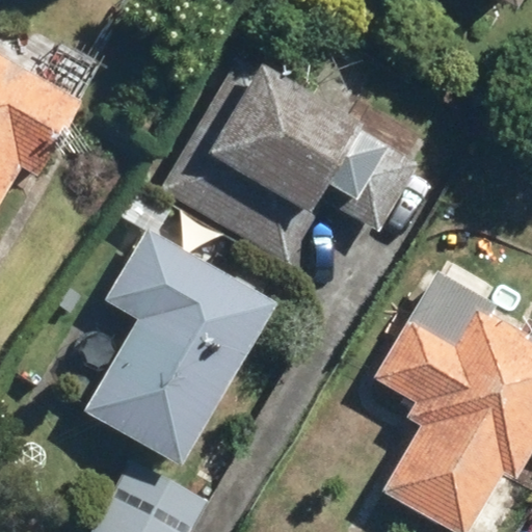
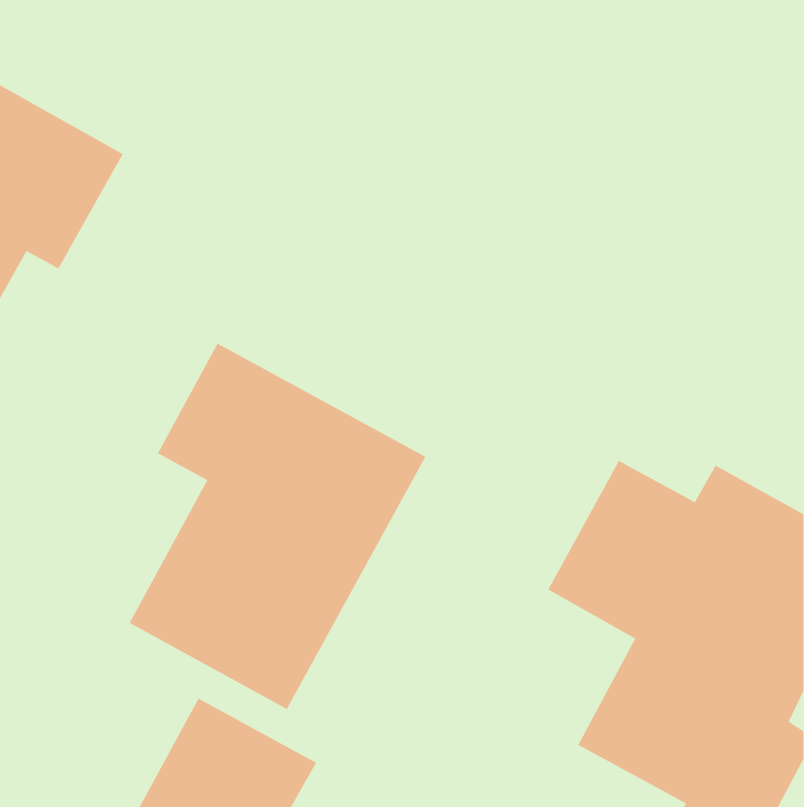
building: [216,60,393,210] -> none

